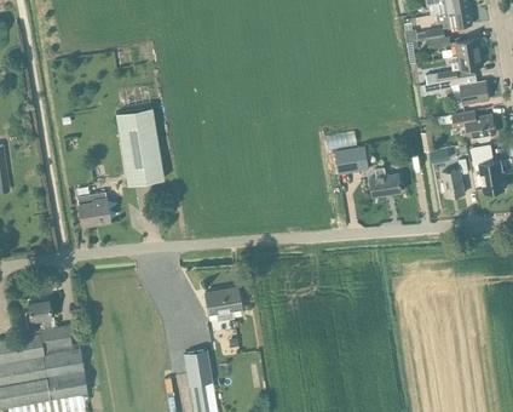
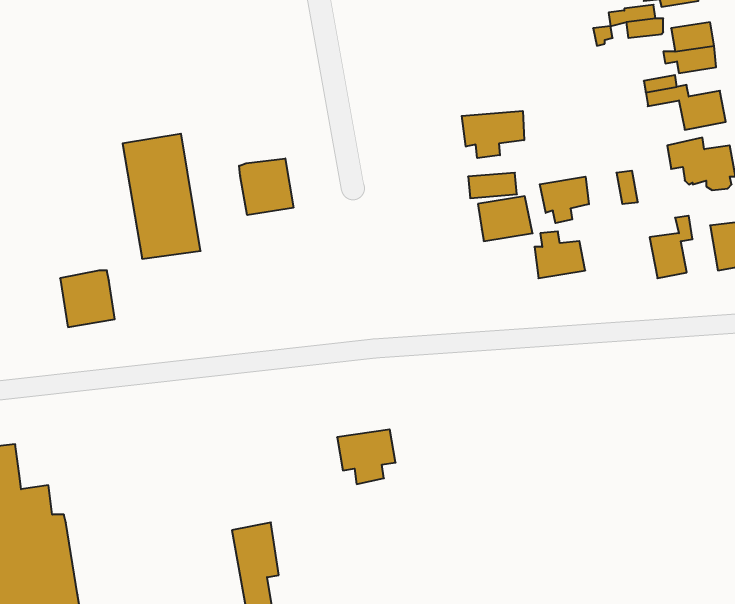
building: none -> [462,111,524,158]
building: none -> [239,158,293,215]
building: none -> [540,177,589,223]
building: [204,287,241,321] -> [337,429,396,484]

